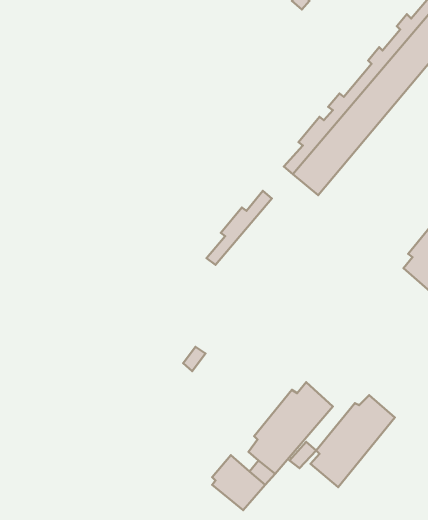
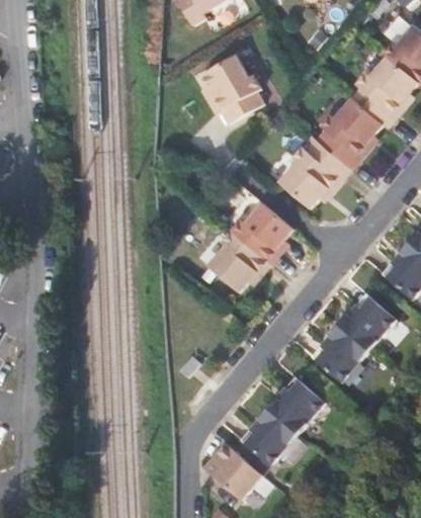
building: none -> [204,58,263,121]
building: none -> [216,212,289,292]
building: [311,395,395,487] -> [317,296,394,380]

